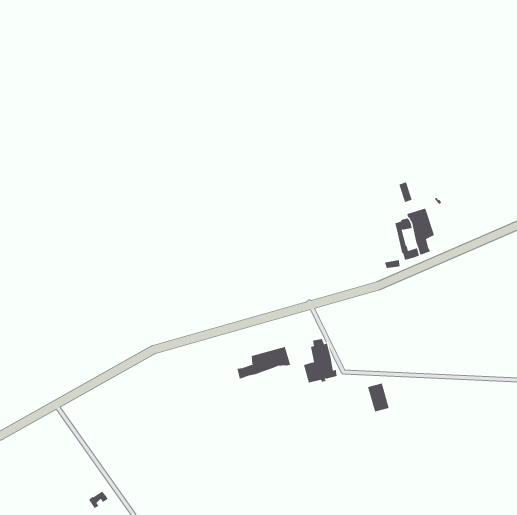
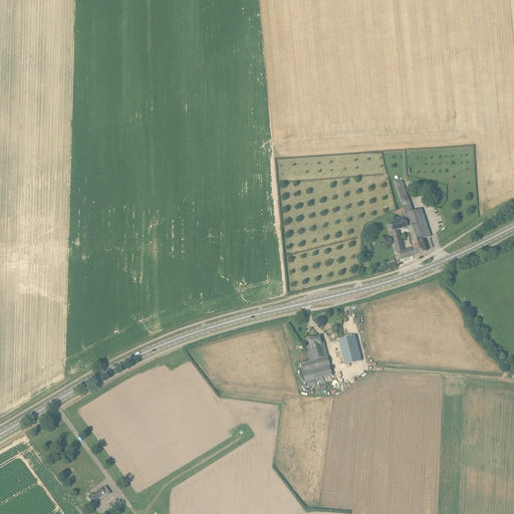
building: [237,346,291,380] -> none
building: [367,383,390,412] -> [337,336,359,365]

